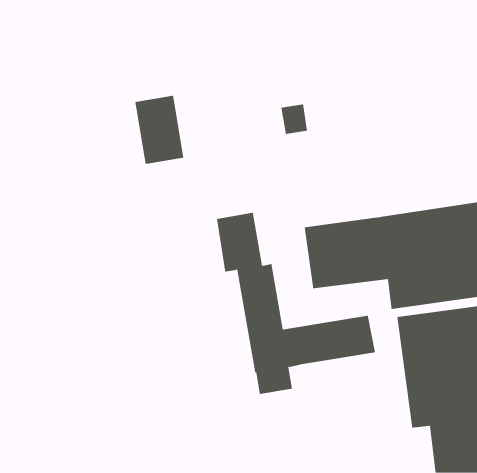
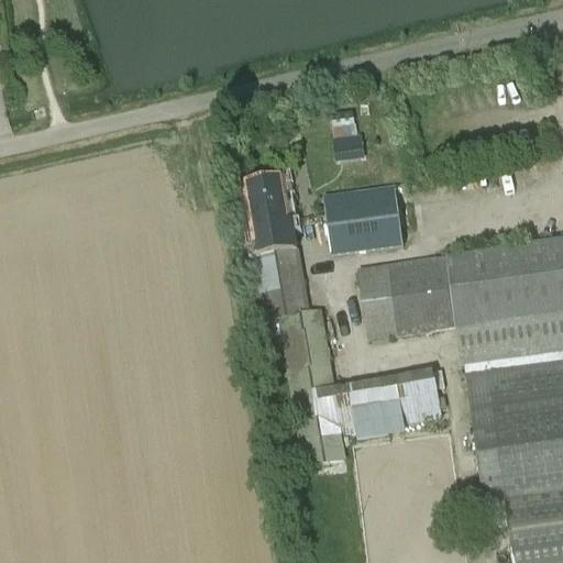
building: [135,95,184,164] -> [241,176,299,257]
building: none -> [323,185,405,256]

